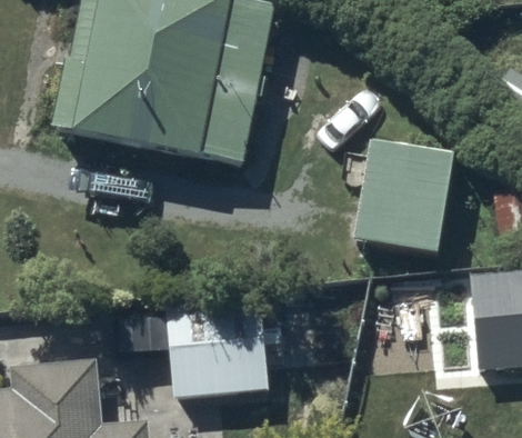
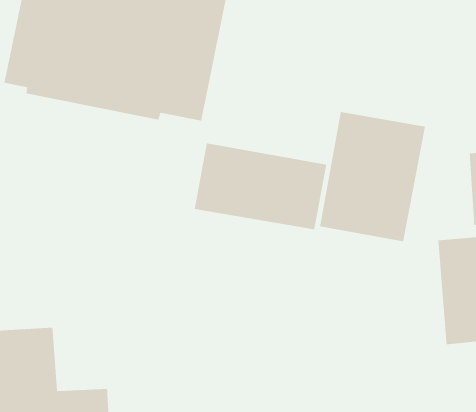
building: none -> [194,143,327,230]
building: [169,306,270,414] -> none

